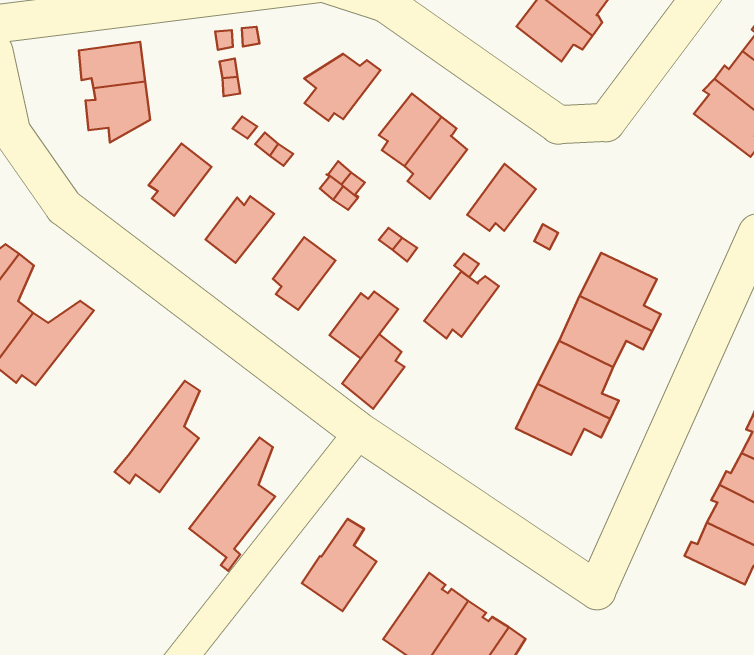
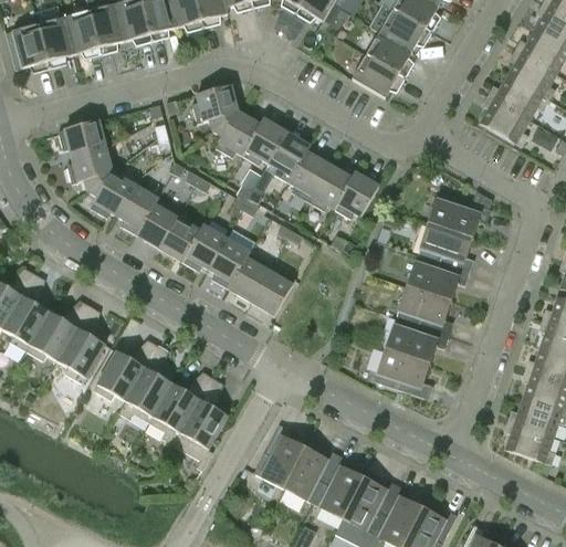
building: none -> [191,85,237,130]
building: none -> [242,118,286,165]
building: none -> [86,171,135,218]
building: none -> [136,198,177,248]
building: none -> [428,191,491,236]
building: none -> [181,224,226,271]
building: [424,272,499,338] -> [307,165,355,211]
building: none -> [56,305,105,382]
building: [342,334,405,409] -> [228,251,269,302]
building: none -> [93,338,157,400]
building: none -> [149,371,212,444]
building: none -> [375,349,431,398]
building: none -> [505,421,555,464]
building: none -> [283,448,338,503]

